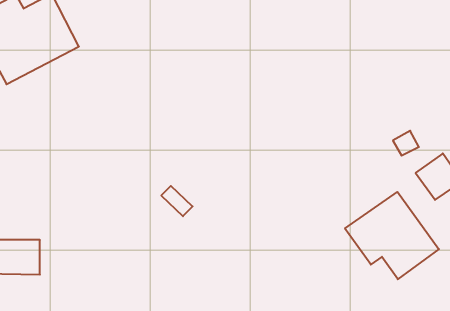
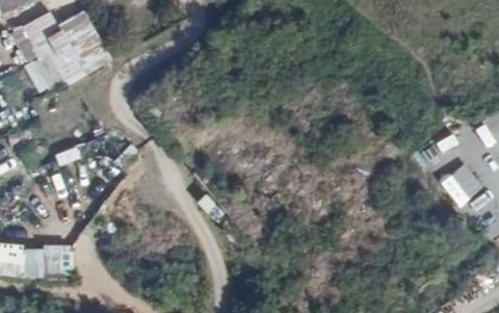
building: [345,192,439,279] -> none

